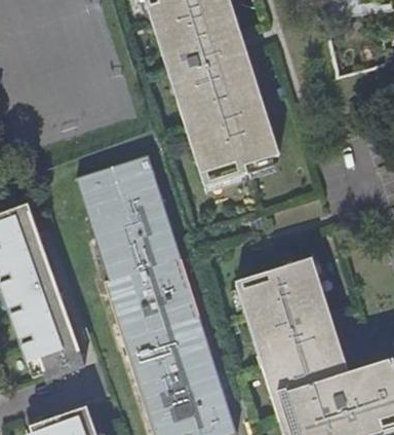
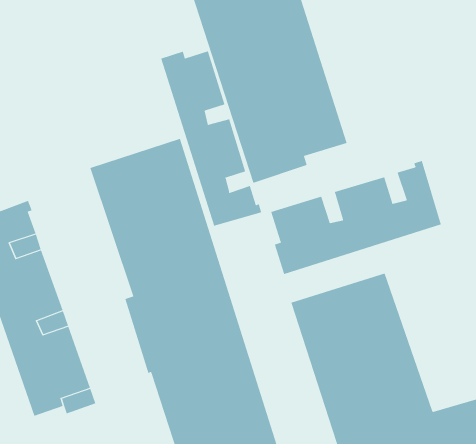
building: none -> [160,50,262,227]
building: none -> [271,160,441,275]

